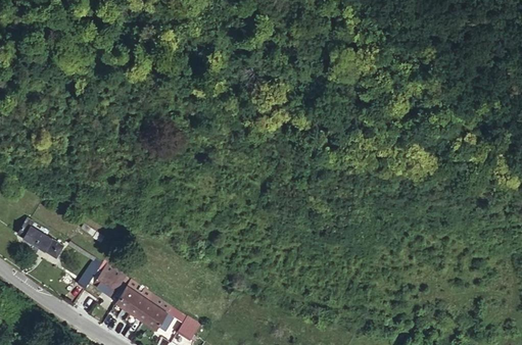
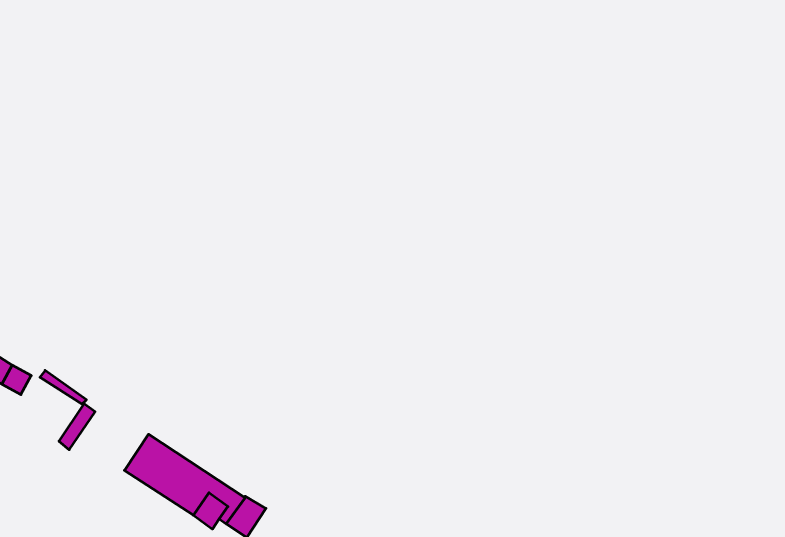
building: [93,264,125,297] -> none

